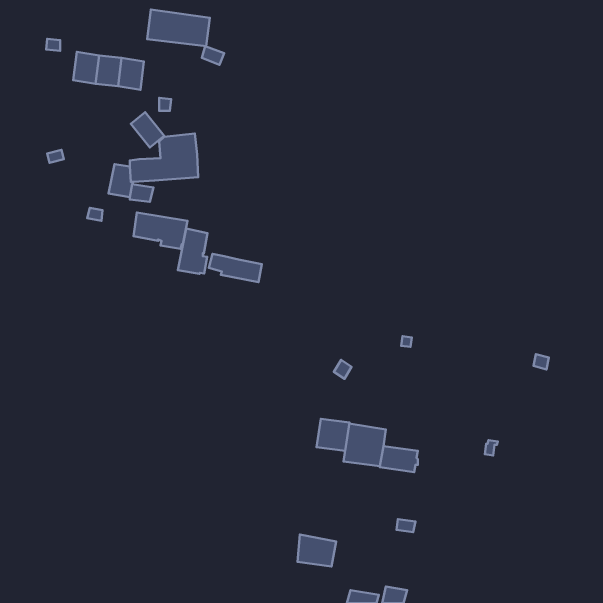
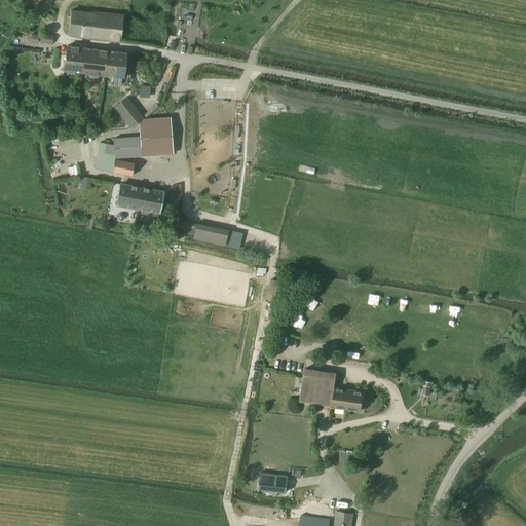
building: [147,10,210,46] -> [68,9,122,41]
building: [178,229,207,274] -> none
building: [316,419,349,451] -> none

